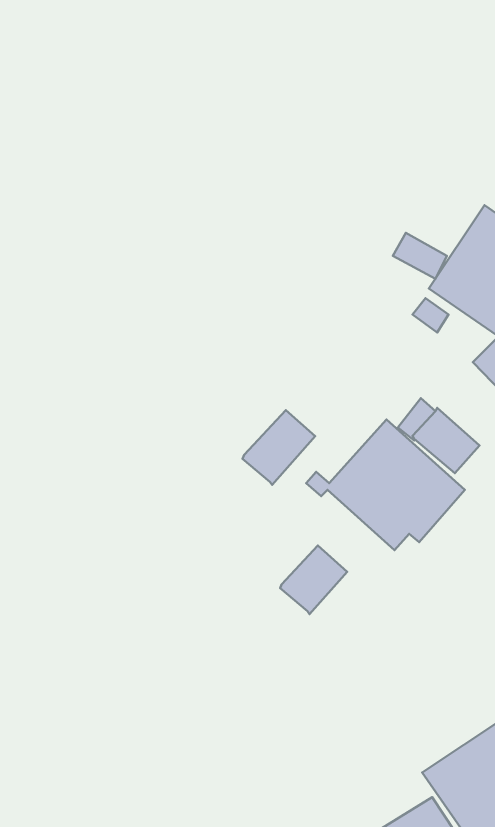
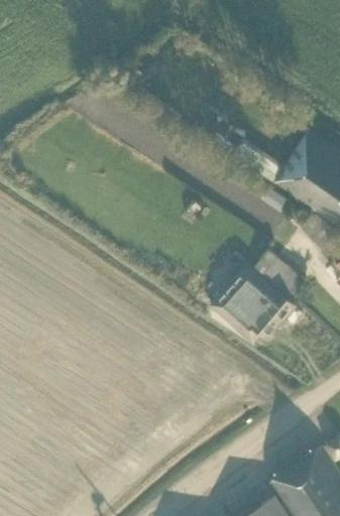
building: [243,410,315,485] -> none
building: [280,546,347,614] -> none

